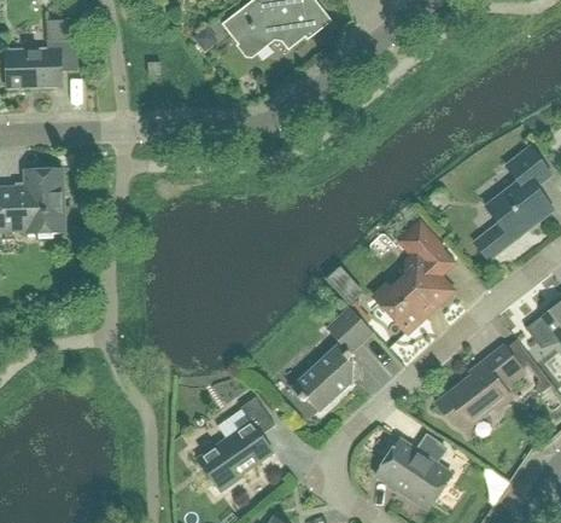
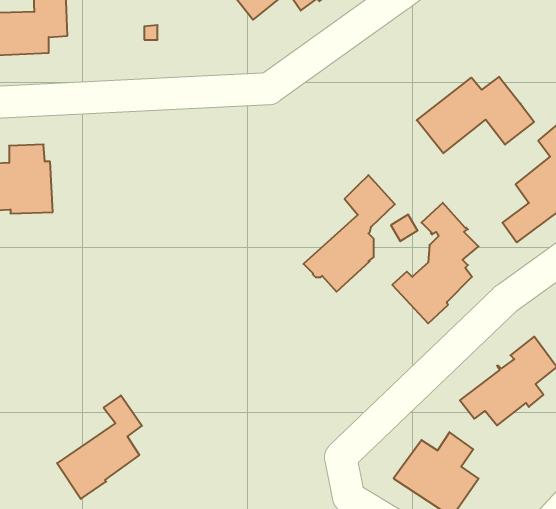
building: none -> [417,77,534,153]
building: [290,306,373,412] -> [303,175,395,292]
building: [198,396,275,490] -> [57,395,142,499]

